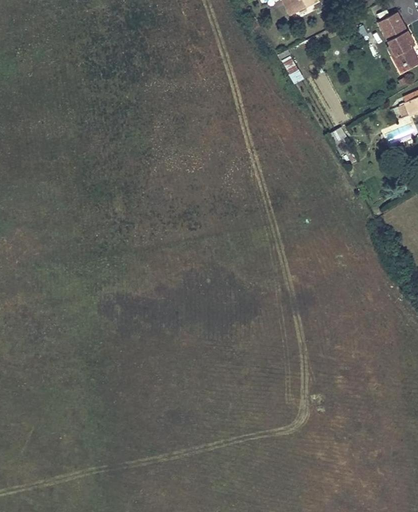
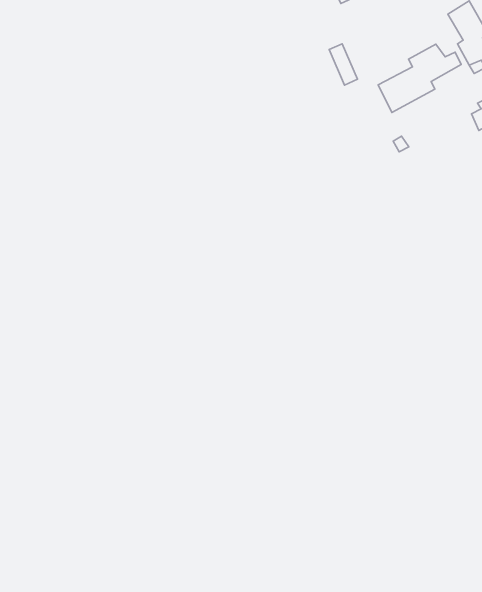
building: none -> [378,44,461,112]

